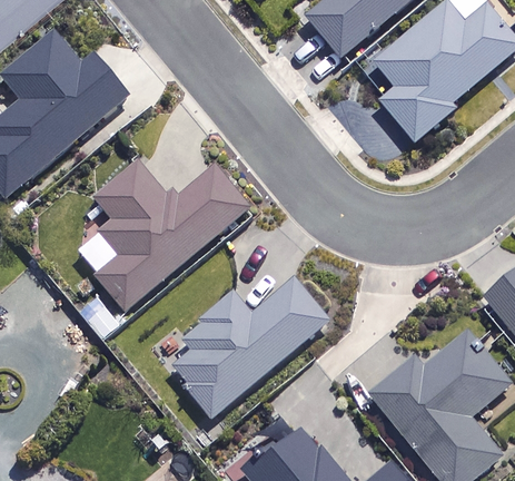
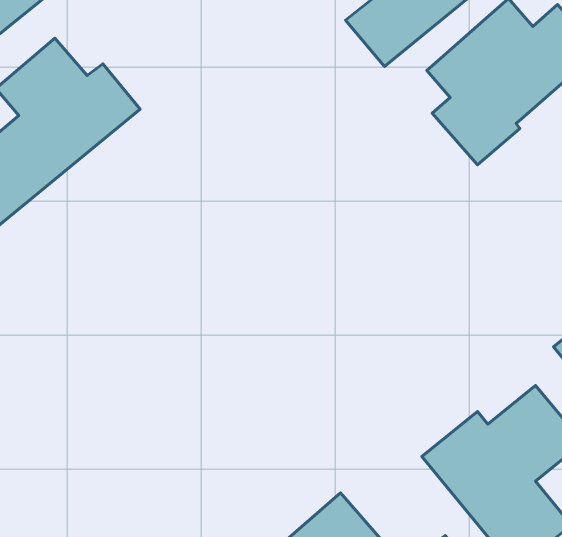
building: [95,161,248,311] -> none
building: [170,277,330,416] -> none

